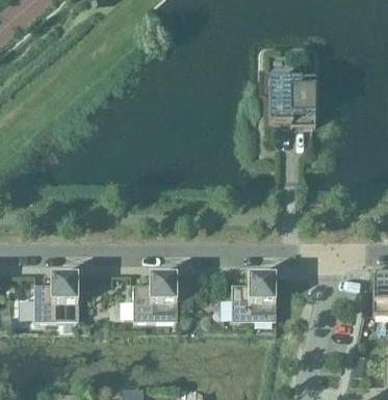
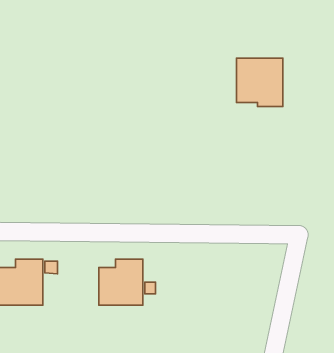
building: [232,276,276,322] -> none

